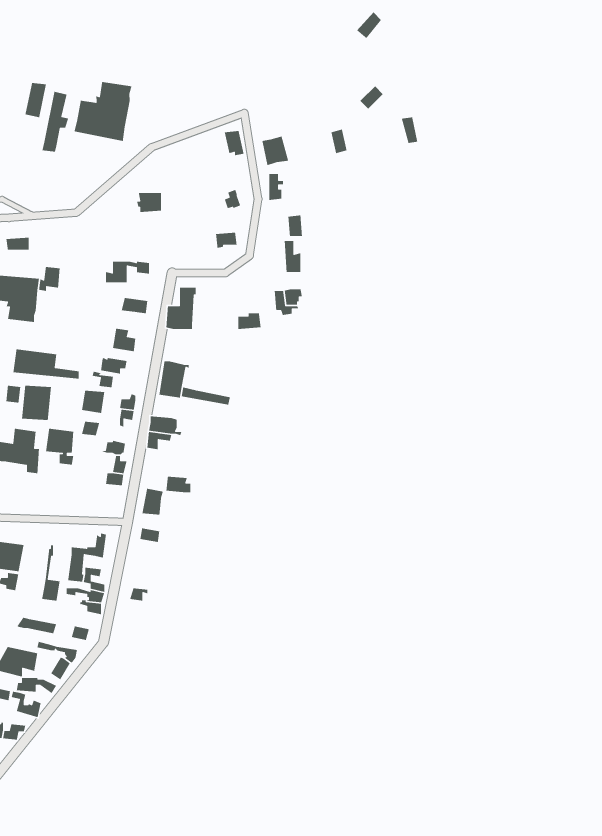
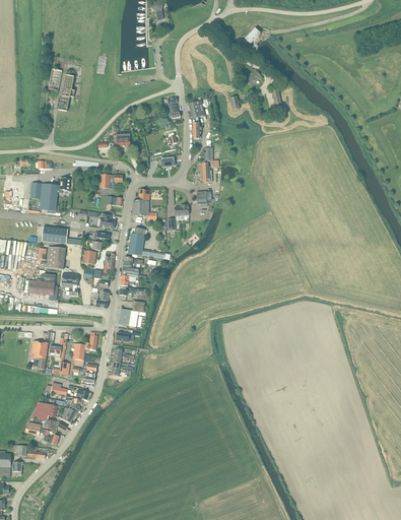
building: [73,81,133,142] -> none

